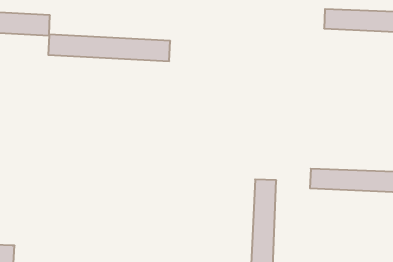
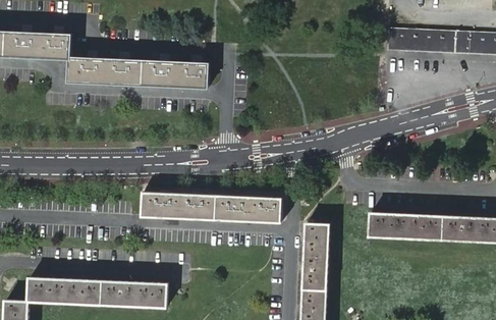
building: none -> [141,193,281,223]
building: none -> [26,276,166,308]

